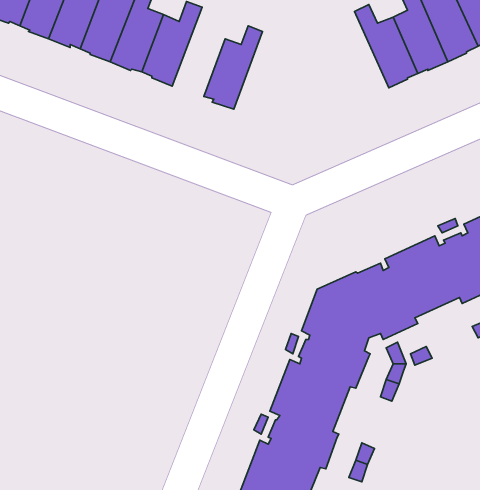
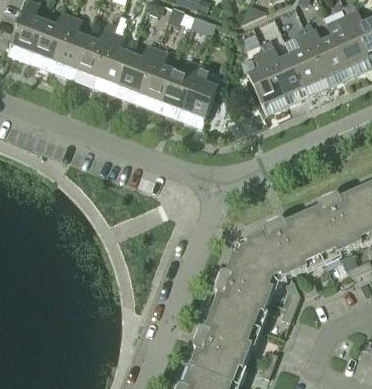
building: none -> [136,45,173,107]
building: none -> [247,48,287,110]
building: none -> [179,62,217,123]

